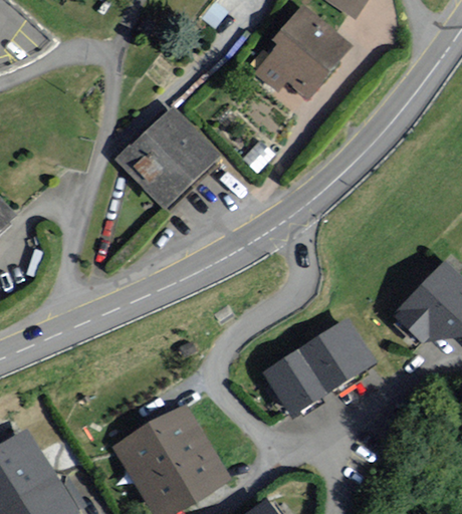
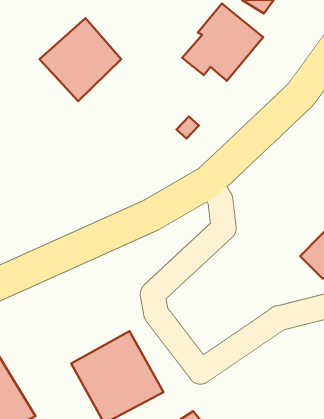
building: [117,107,216,209] -> [39,18,121,101]
building: [302,320,373,389] -> none
building: [265,352,322,412] -> none

